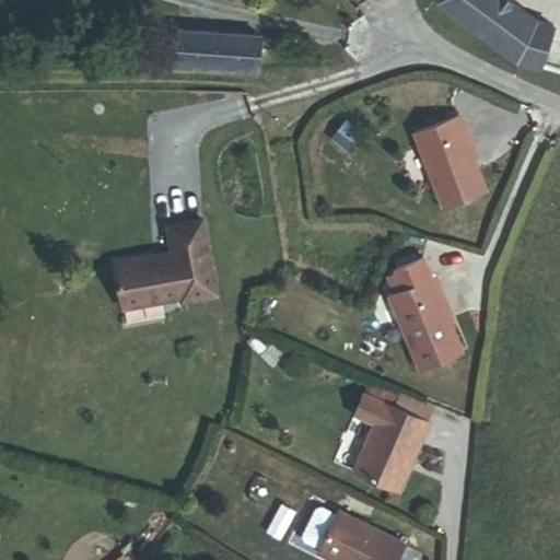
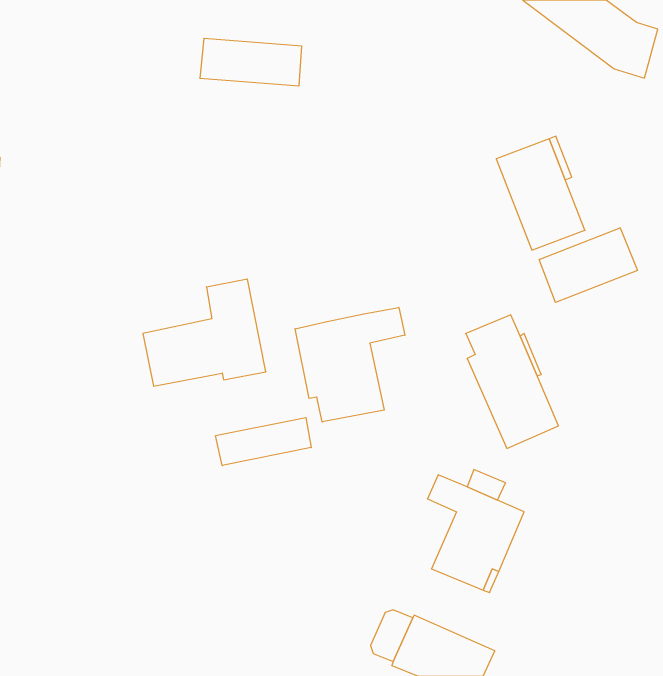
building: none -> [539,228,638,302]
building: none -> [295,307,405,422]
building: none -> [216,418,311,466]

